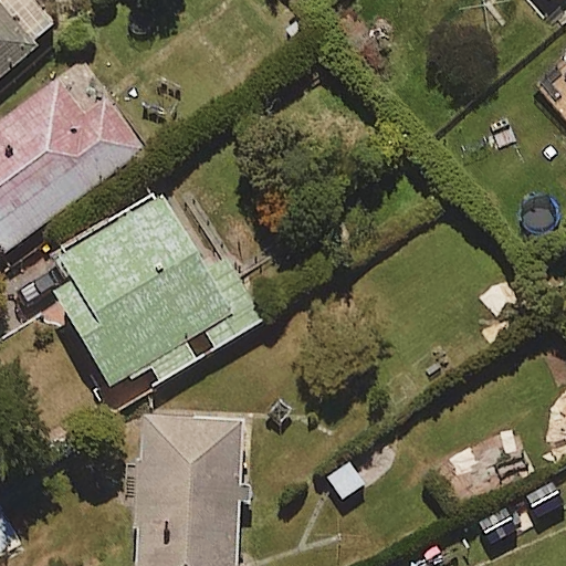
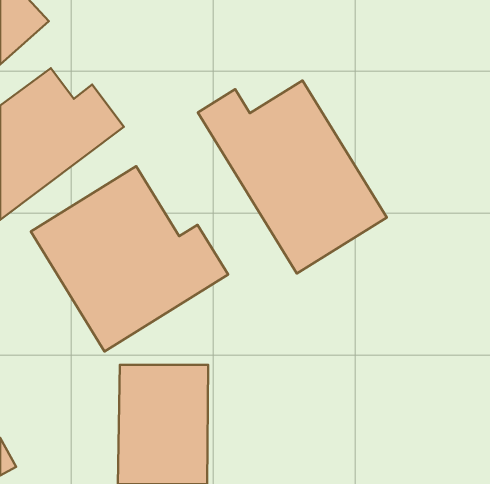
building: none -> [198,80,387,274]

